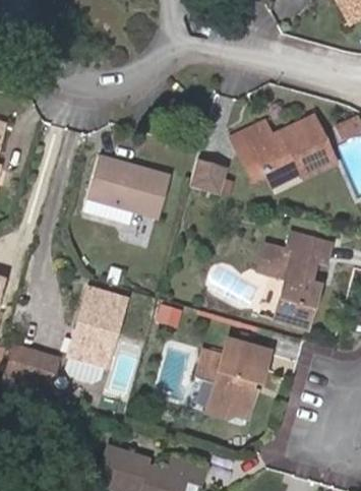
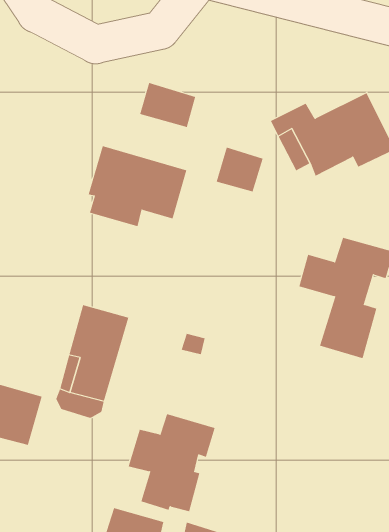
building: none -> [140,82,196,128]
building: [200,339,269,416] -> [128,414,216,512]

